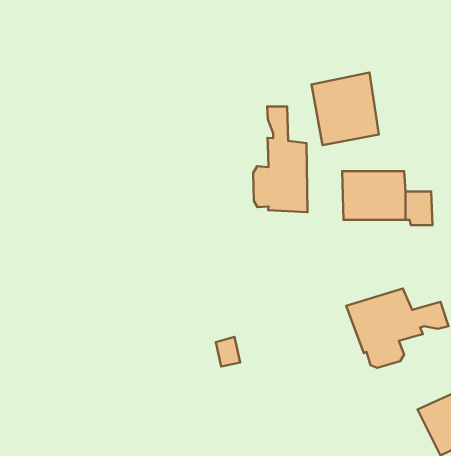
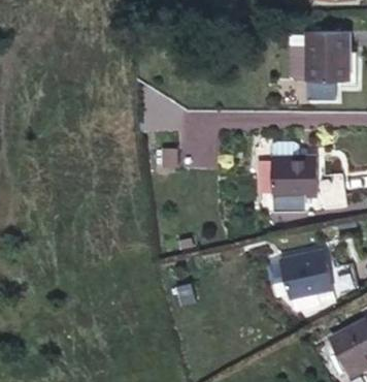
building: [312,72,379,145] -> [297,31,348,87]
building: [253,107,308,212] -> none

